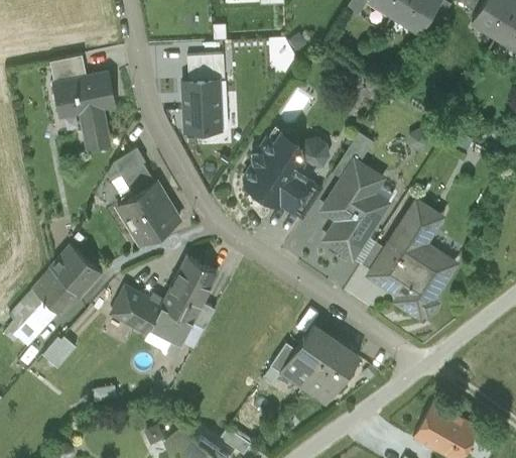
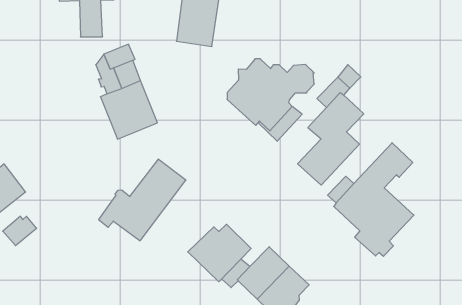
building: [33,245,104,314] -> none
building: [112,288,150,328] -> none
building: none -> [188,224,251,282]

